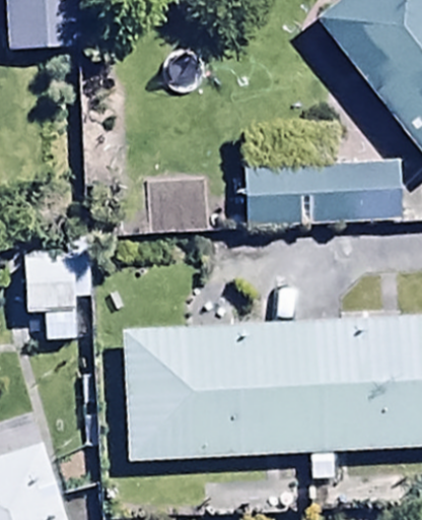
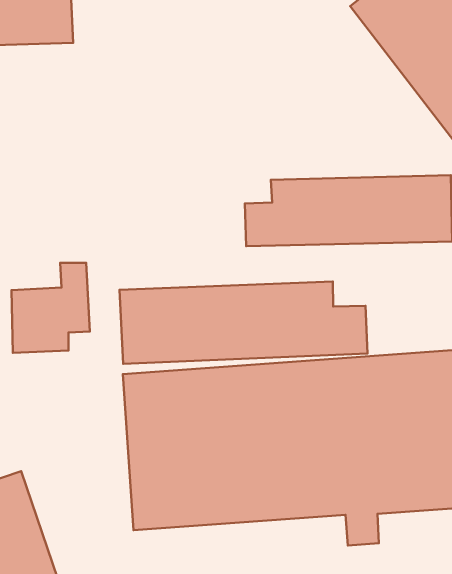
building: none -> [120,281,367,364]

